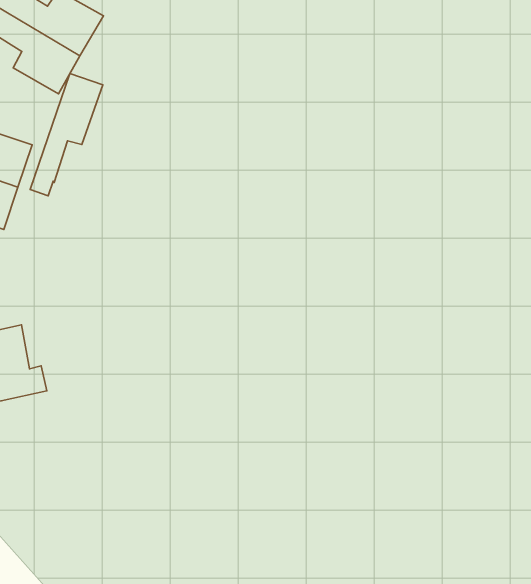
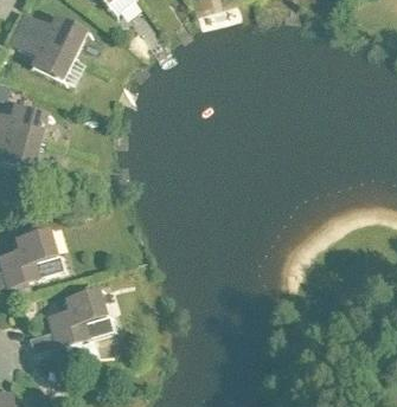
building: [30,74,103,196] -> none
building: none -> [49,289,117,347]

